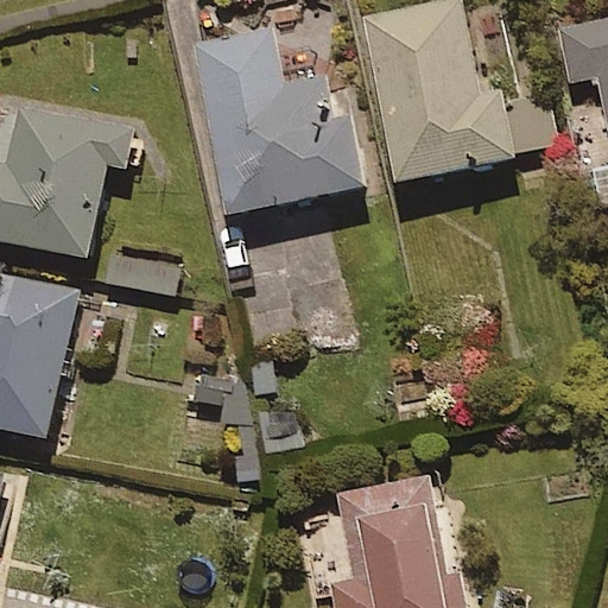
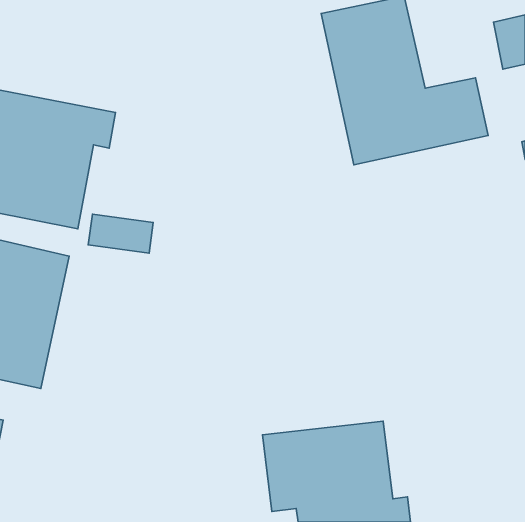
building: [191,6,365,217] -> none

